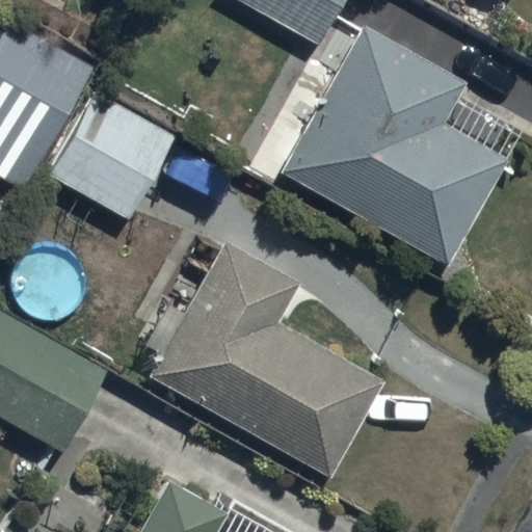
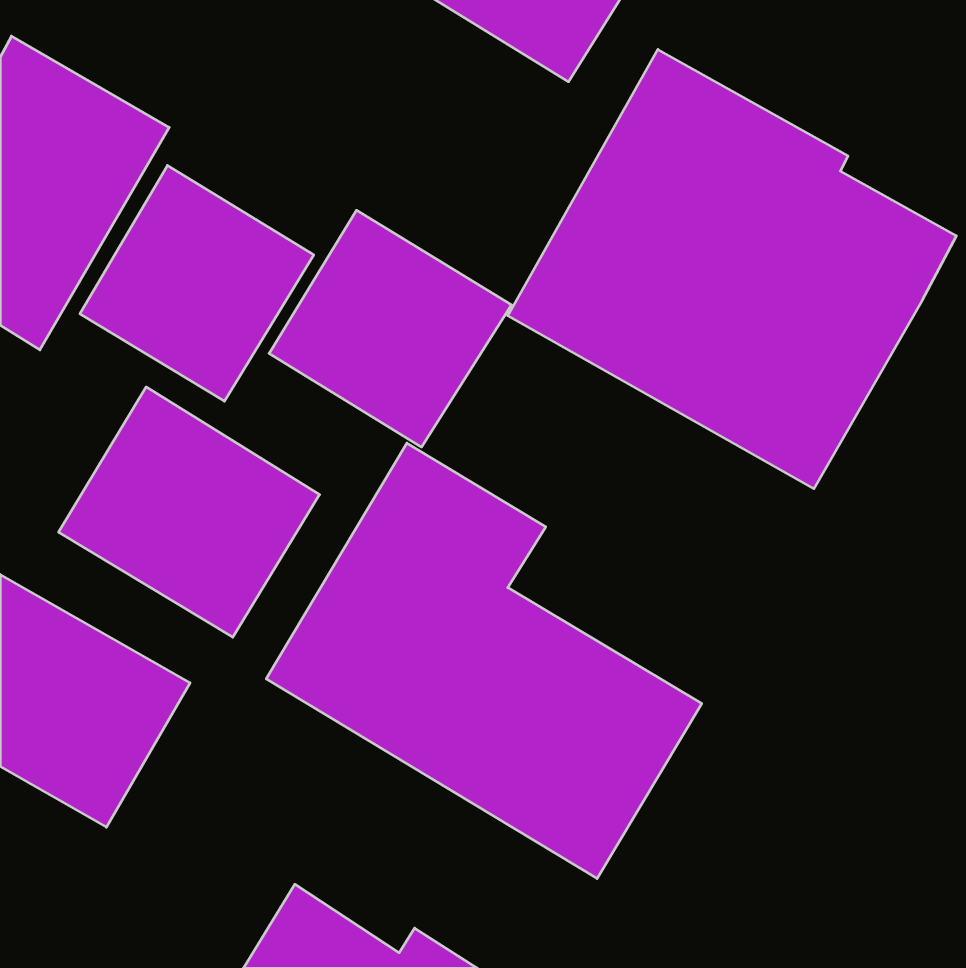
building: none -> [269,210,512,447]
building: none -> [59,387,320,637]

